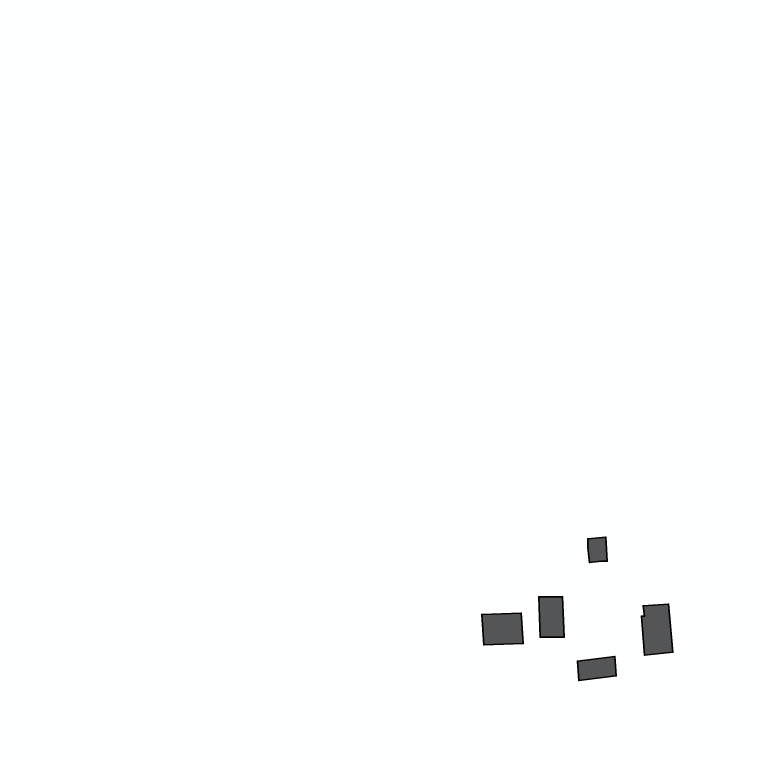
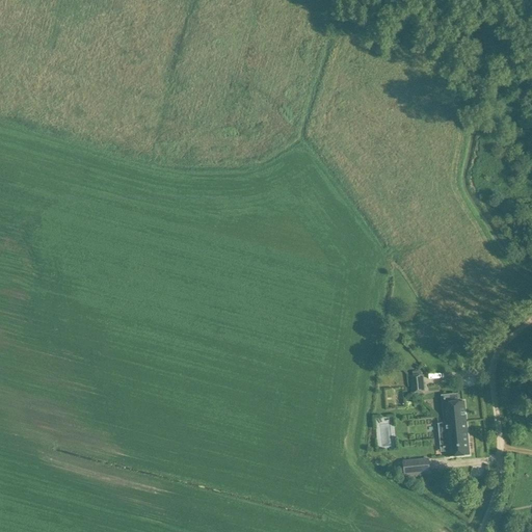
building: none -> [444,400,466,422]
building: [482,613,523,645] -> none

